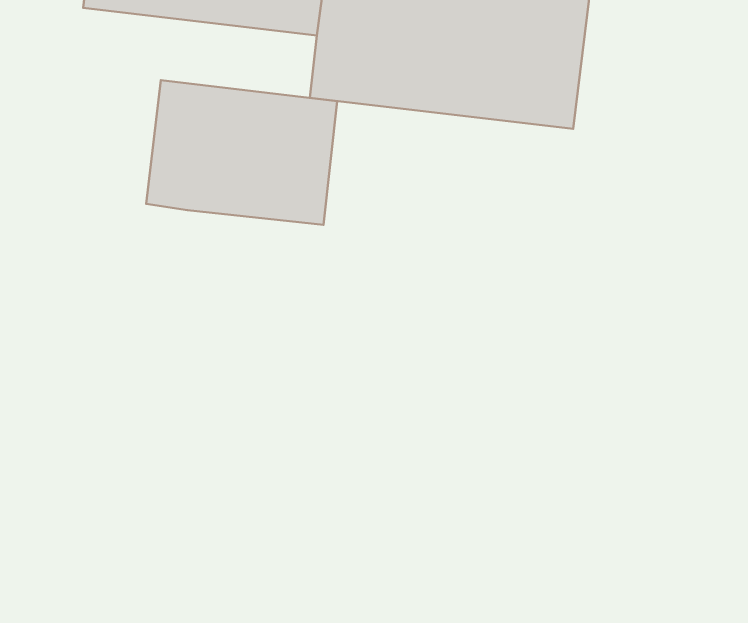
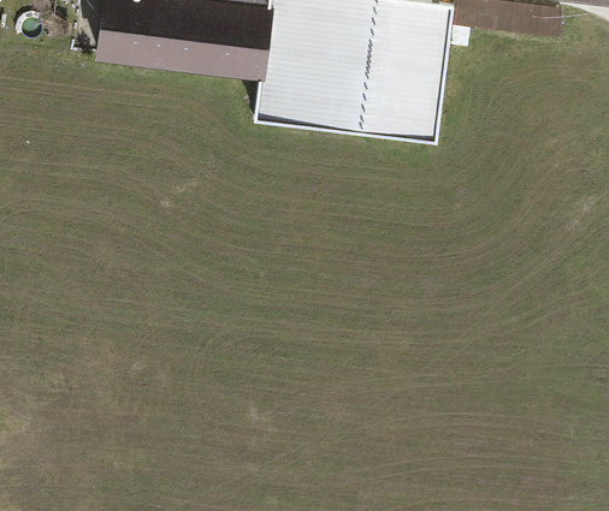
building: [146,80,337,225] -> none

